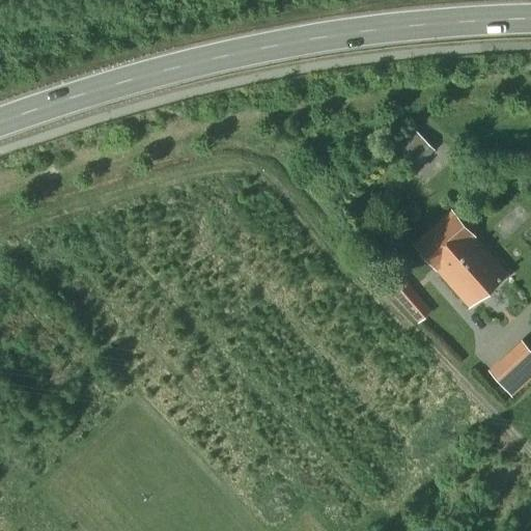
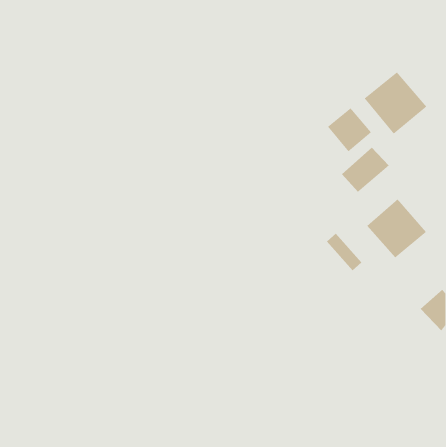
building: none -> [364,72,427,134]
building: [415,214,472,268] -> [341,147,389,192]

